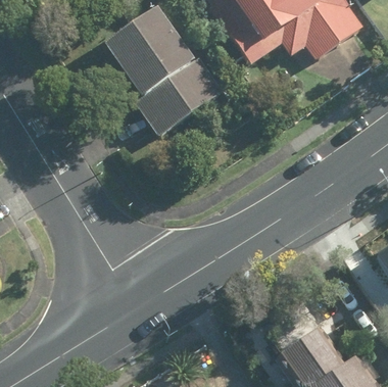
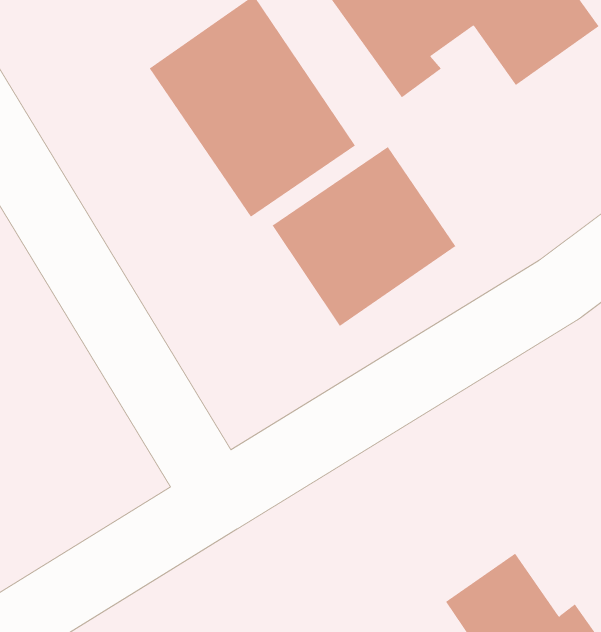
building: none -> [272,146,456,327]

